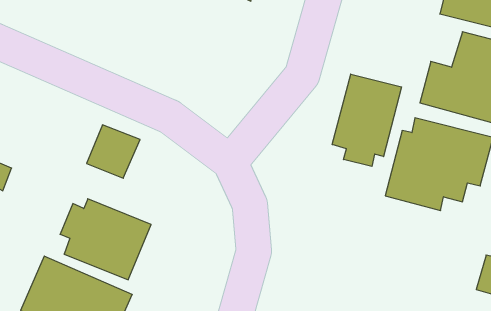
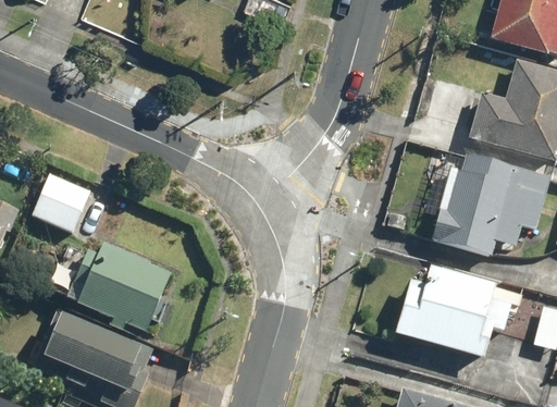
building: [332,74,402,166] -> none
building: [87,125,140,178] -> [33,174,91,233]
building: none -> [395,264,522,359]

